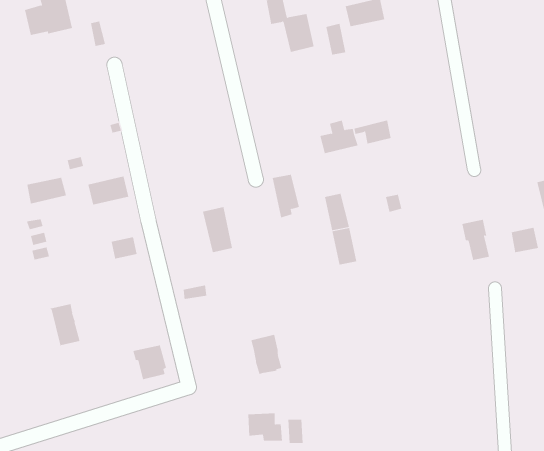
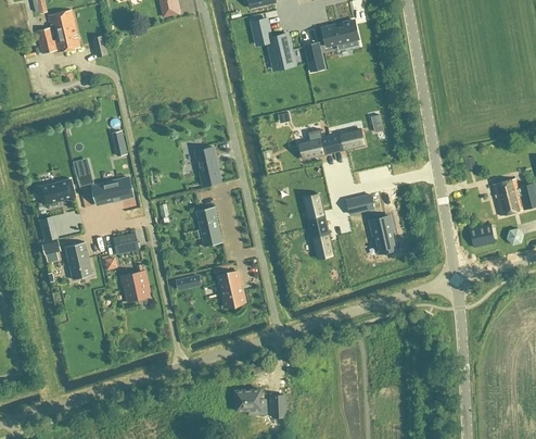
building: [272,174,300,218] -> [195,147,220,186]
building: [462,219,490,261] -> [370,215,395,252]
building: [50,303,80,346] -> [65,241,92,279]
building: [250,334,282,374] -> [217,271,245,306]
building: [133,345,167,380] -> [119,269,150,301]

